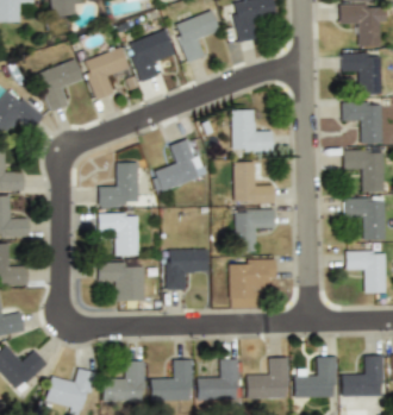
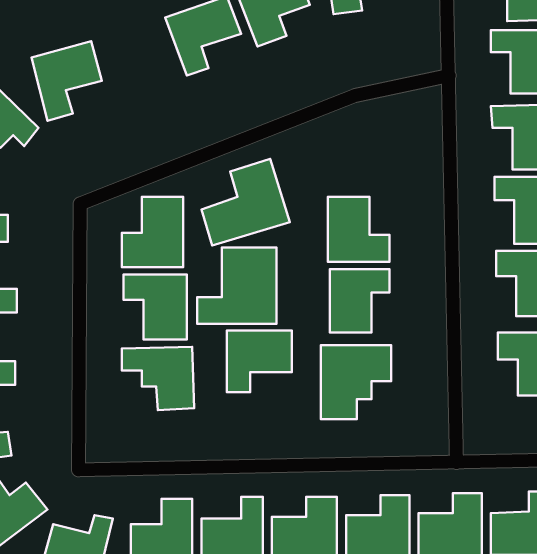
building: [82,45,132,100] -> none
building: [233,111,273,151] -> none
building: none -> [197,248,276,324]

